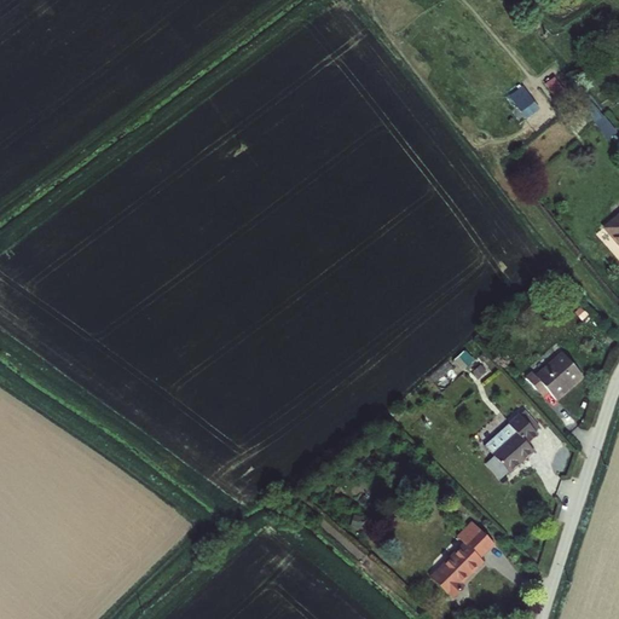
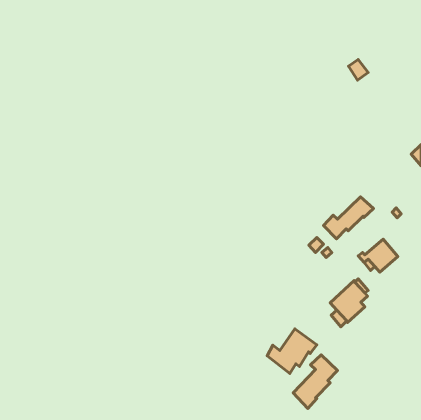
building: none -> [323,197,374,239]
building: none -> [267,329,317,373]

